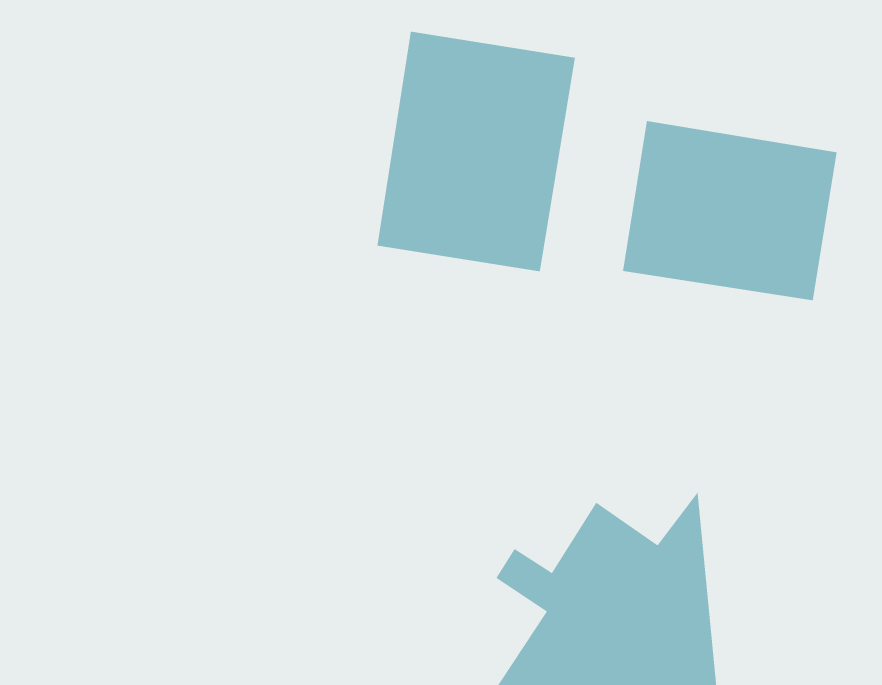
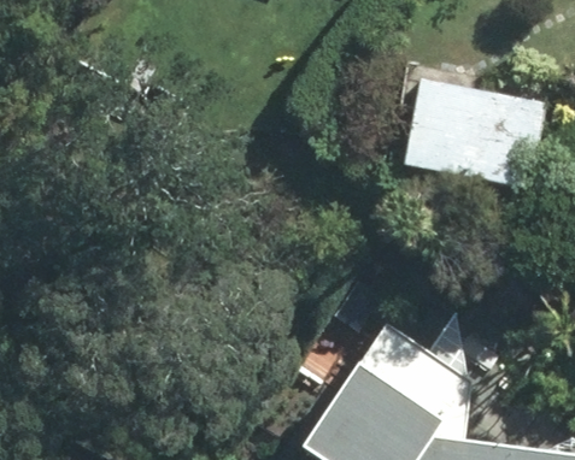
building: [377,31,576,272] -> none

